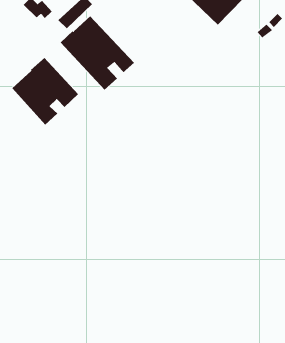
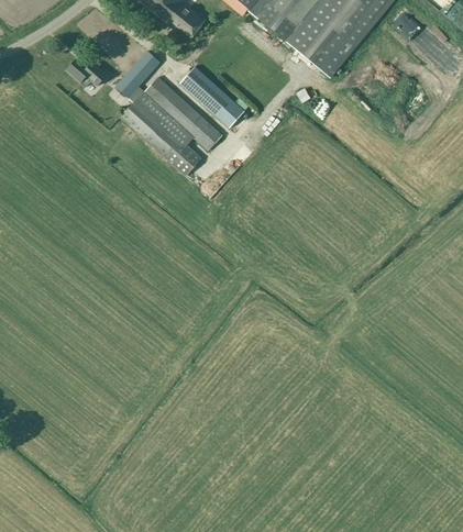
building: none -> [180,68,244,128]
building: [12,57,79,125] -> none

